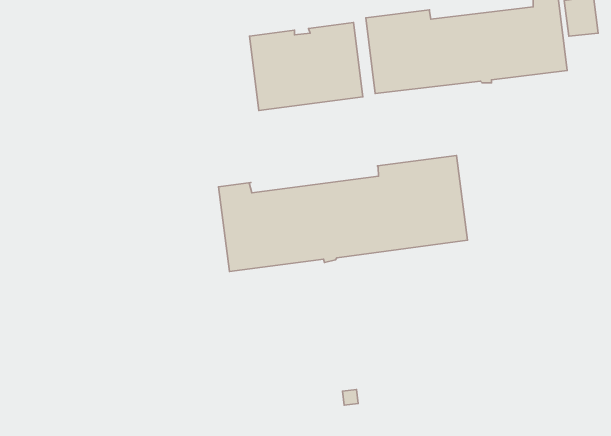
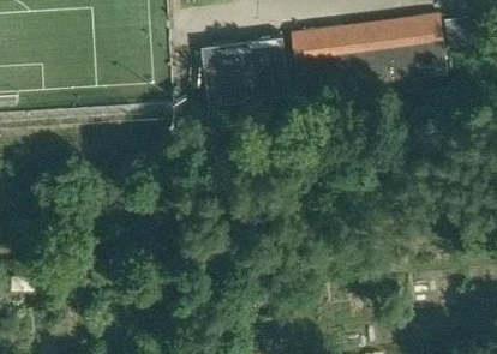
building: [218,156,467,272] -> none

